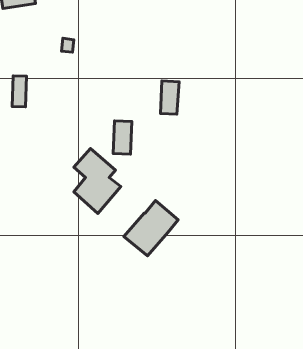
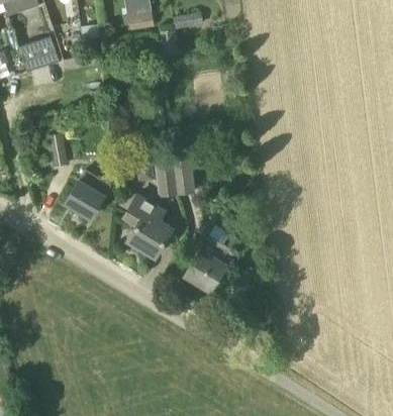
building: [160,81,179,114] -> [172,160,192,194]
building: none -> [64,170,110,218]

